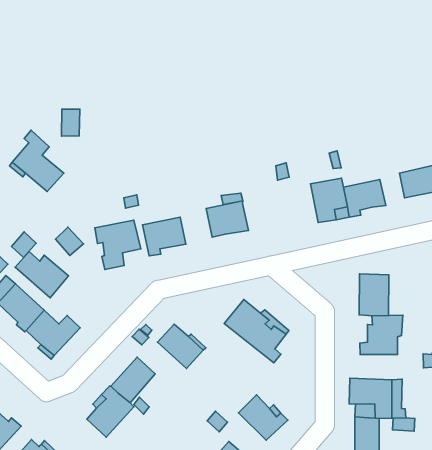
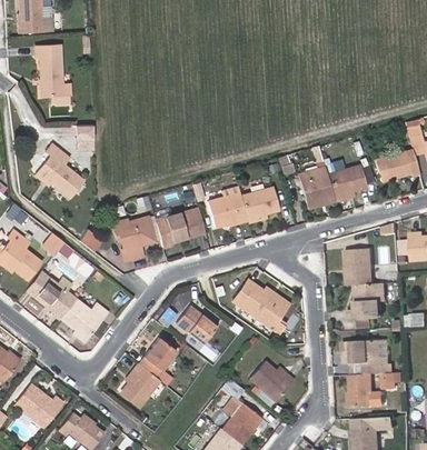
building: none -> [37,44,63,93]
building: none -> [240,186,280,222]

